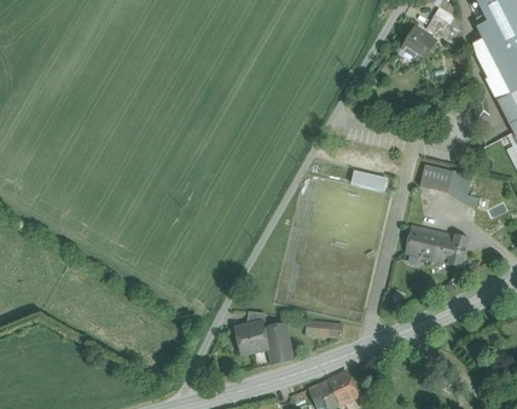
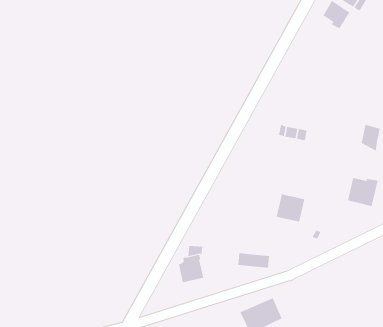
building: [420,165,453,192] -> none
building: [405,226,438,259] -> [276,194,305,222]
building: [262,323,294,364] -> none

